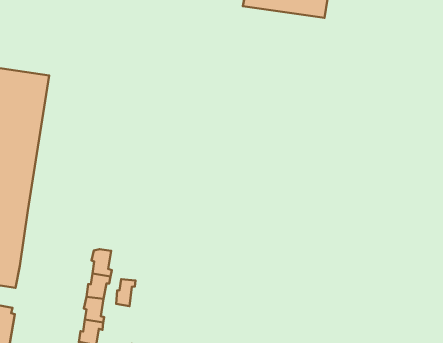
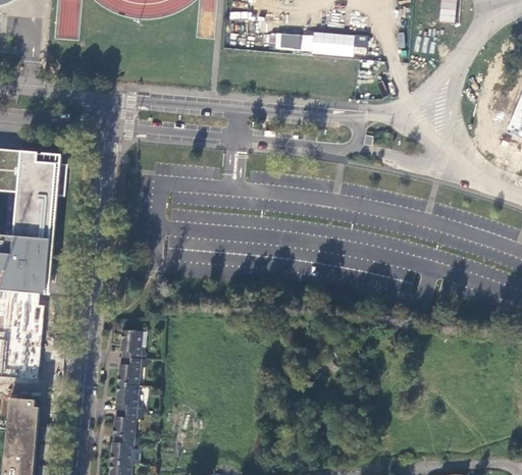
building: [116,279,136,306] -> none

